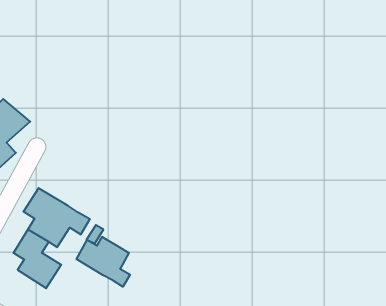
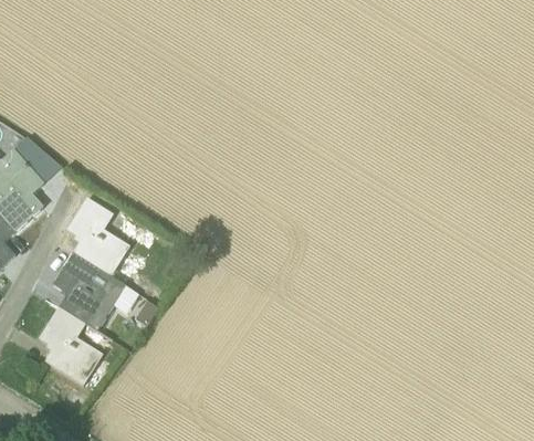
building: none -> [65,198,129,276]
building: [76,237,130,287] -> none

